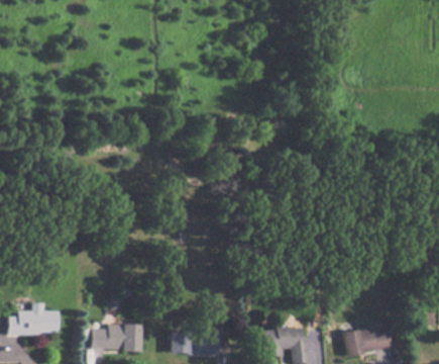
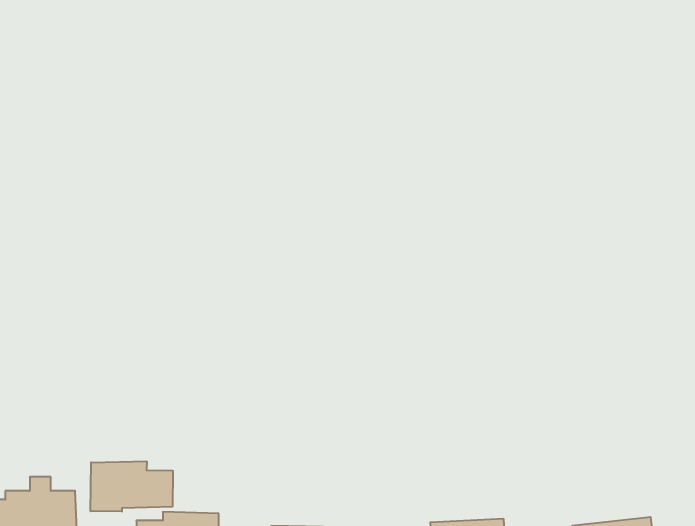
building: none -> [91,461,173,512]

